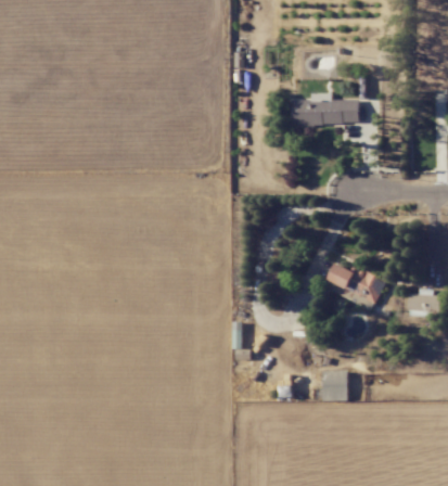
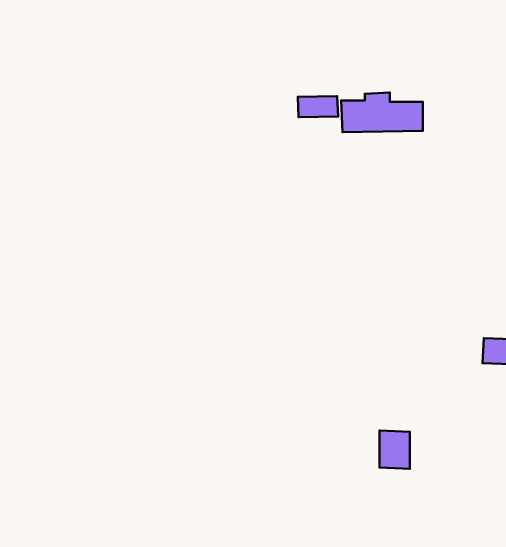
building: none -> [298,96,338,117]
building: [325,263,384,303] -> none

